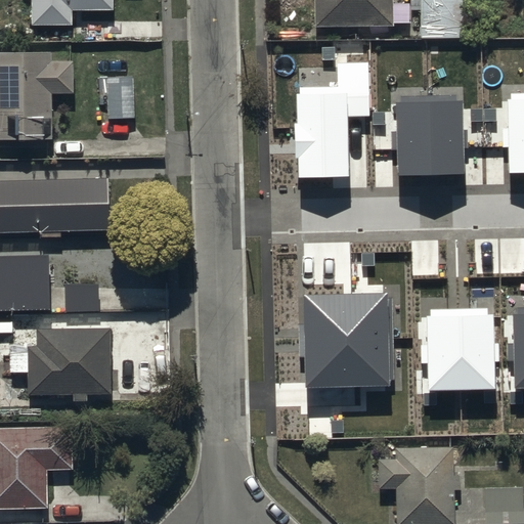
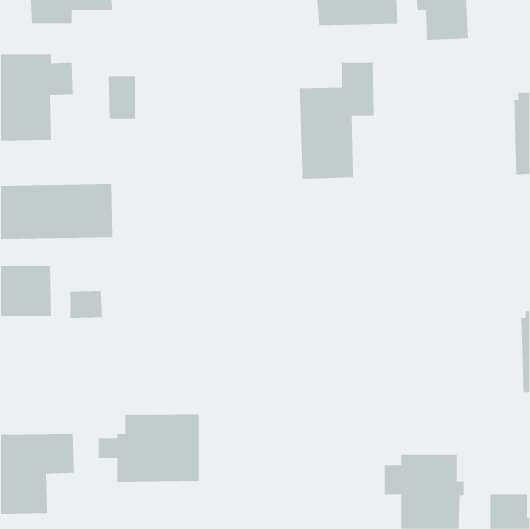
building: [396,93,466,176] -> none
building: [304,293,390,387] -> none
building: [427,307,496,390] -> none
building: [8,328,108,395] -> [98,414,199,482]

